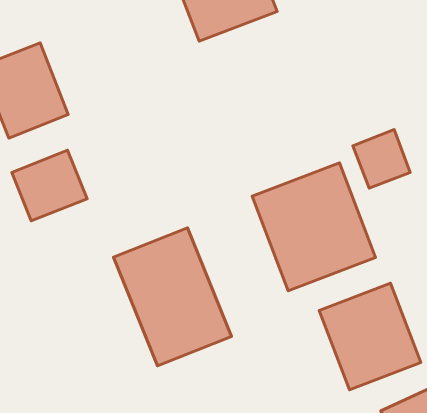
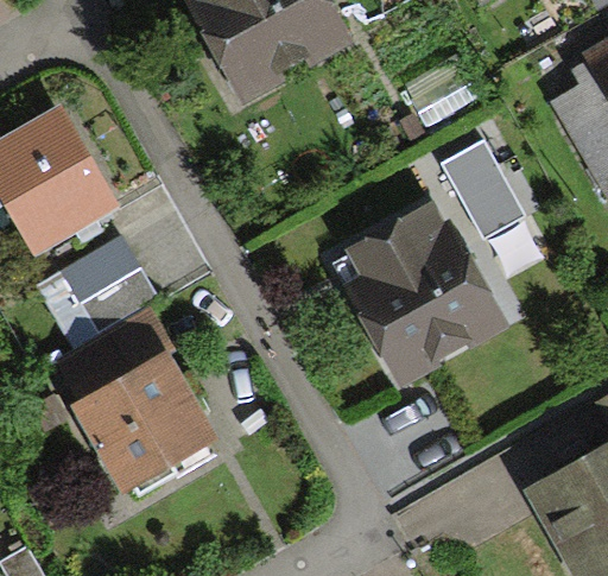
building: [114,228,231,366] -> [62,316,217,487]
building: [319,283,421,390] -> none

